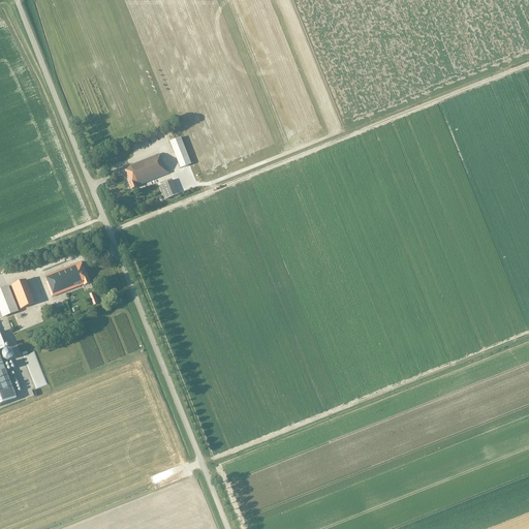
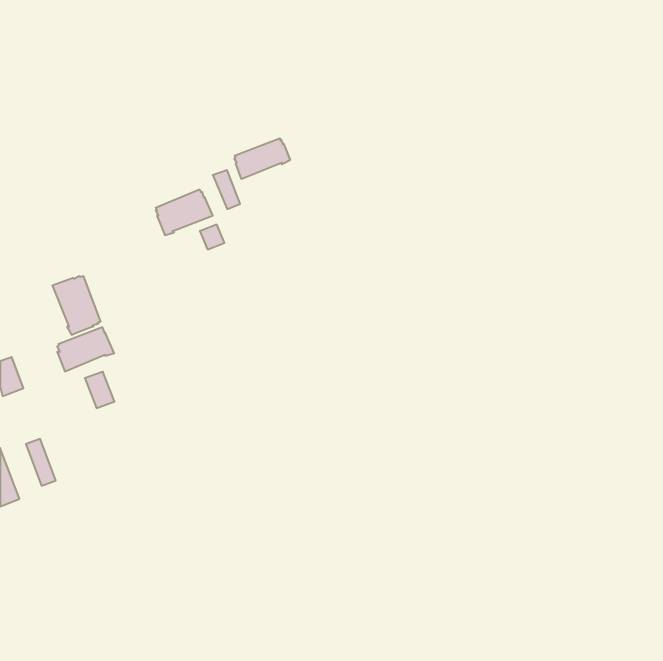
building: none -> [234,138,290,179]
building: none -> [53,276,101,335]
building: [11,278,35,307] -> [85,372,115,408]

